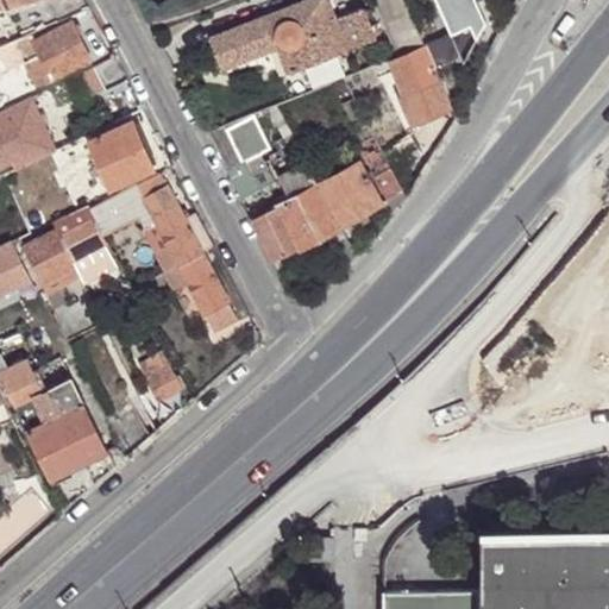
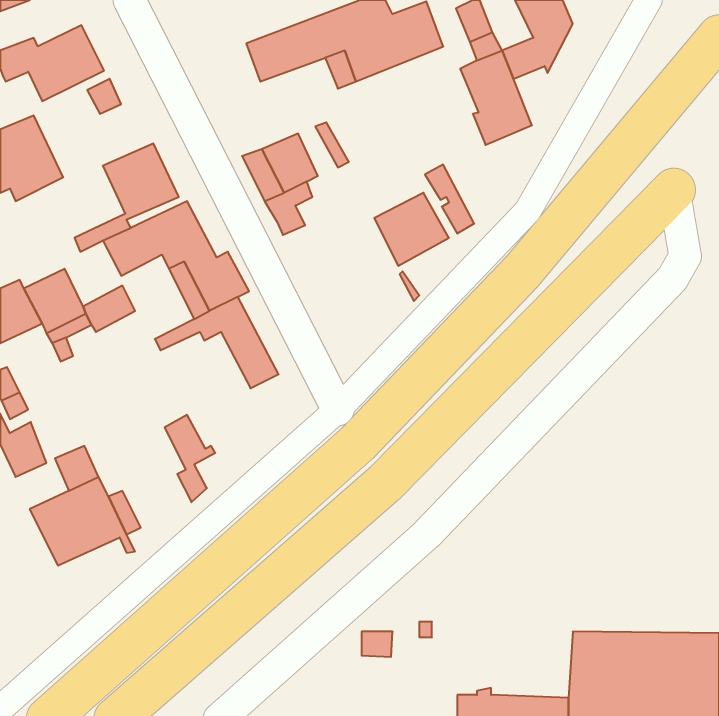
building: [249,165,338,263] -> none
building: [51,206,106,262] -> none

